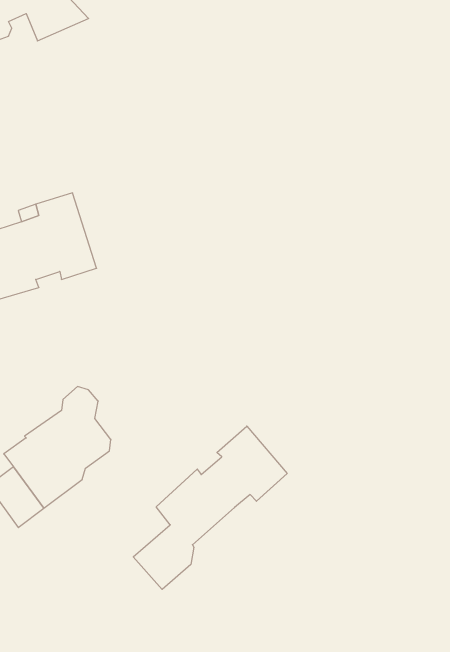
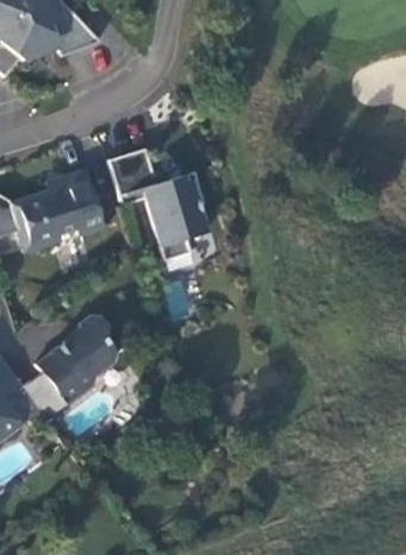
building: none -> [108,149,208,260]
building: [133,426,287,589] -> none

